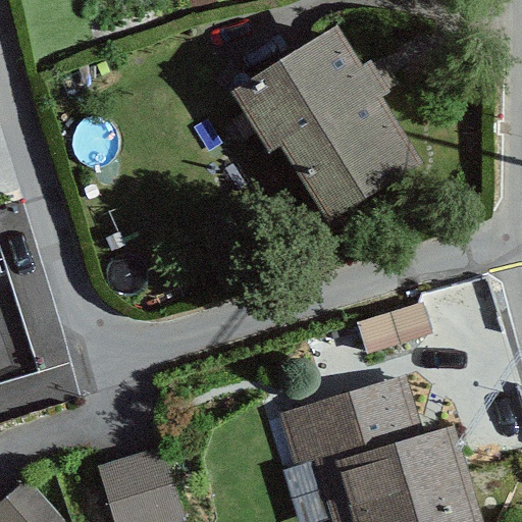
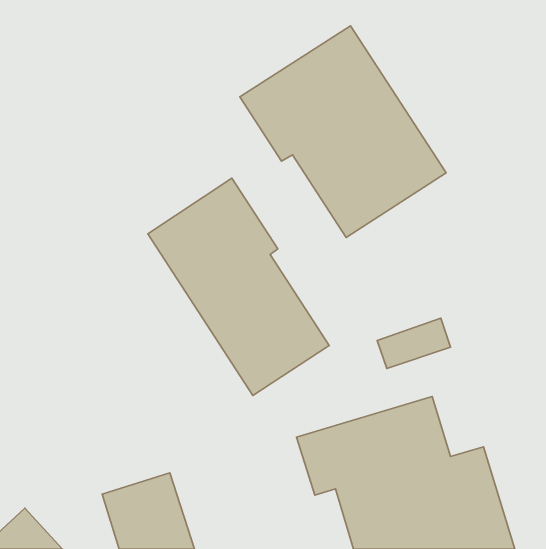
building: none -> [148,178,329,396]

